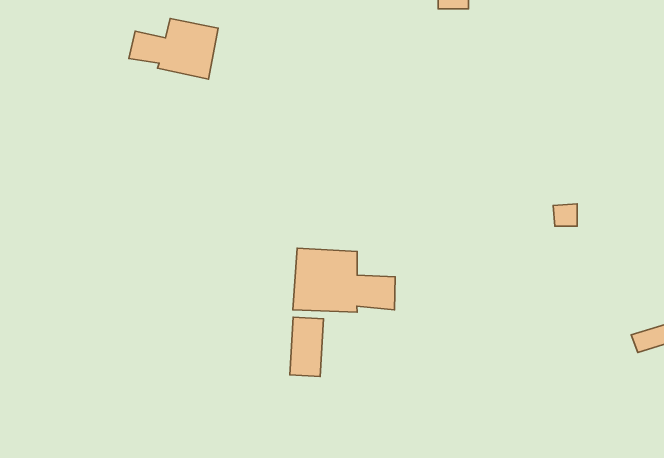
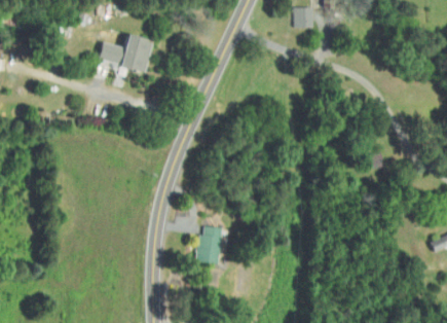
building: [293,248,395,312] -> none

